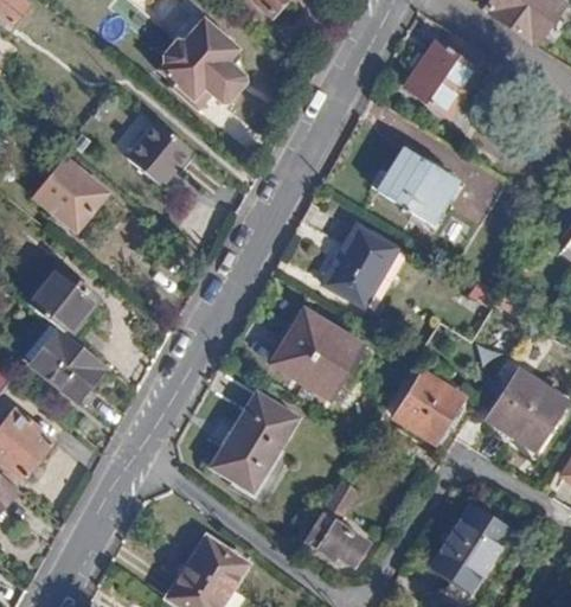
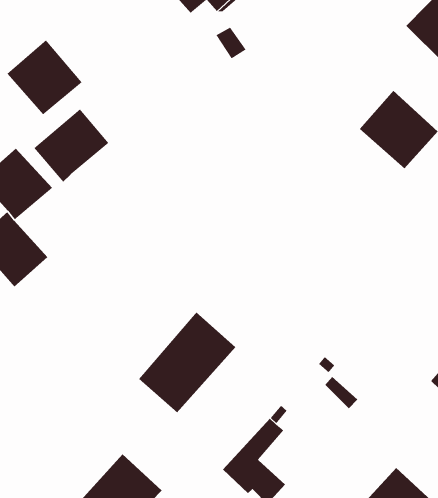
building: [126,120,191,186] -> none
building: none -> [34,109,109,182]
building: [323,224,399,307] -> none
building: [271,309,365,401] -> none
building: [397,370,463,440] -> none

